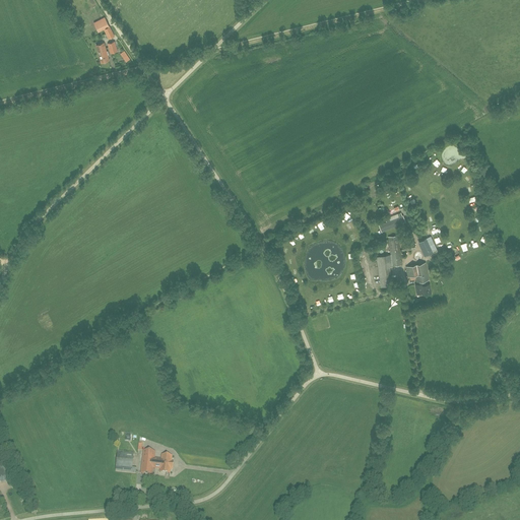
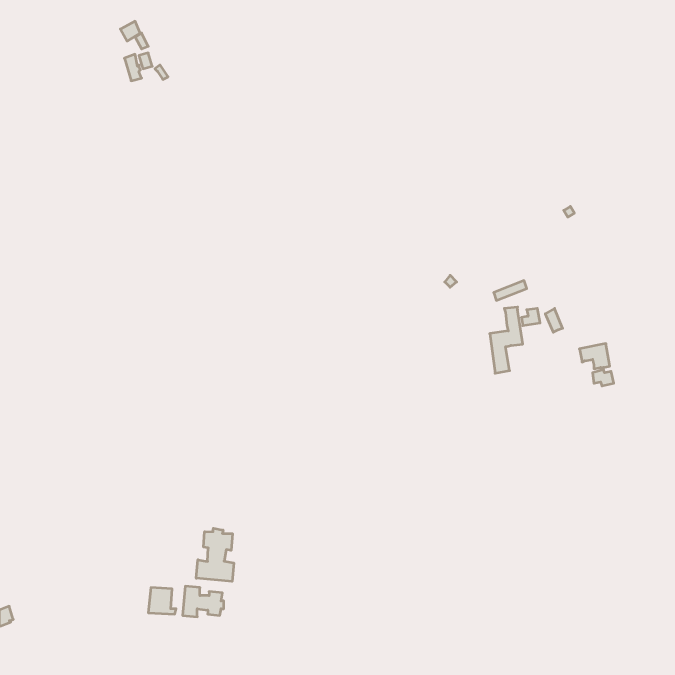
building: [404,262,431,295] -> [579,344,614,386]
building: none -> [196,528,234,581]

